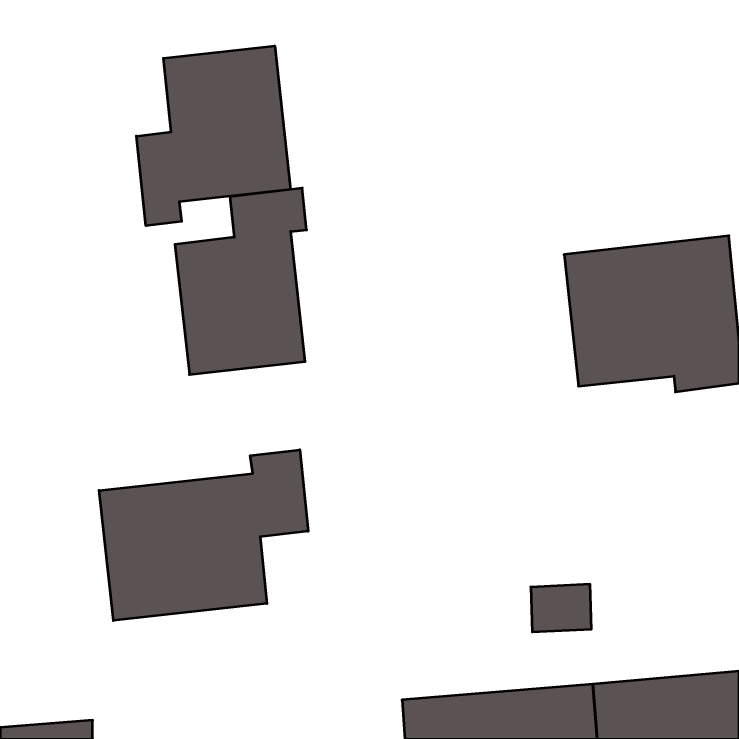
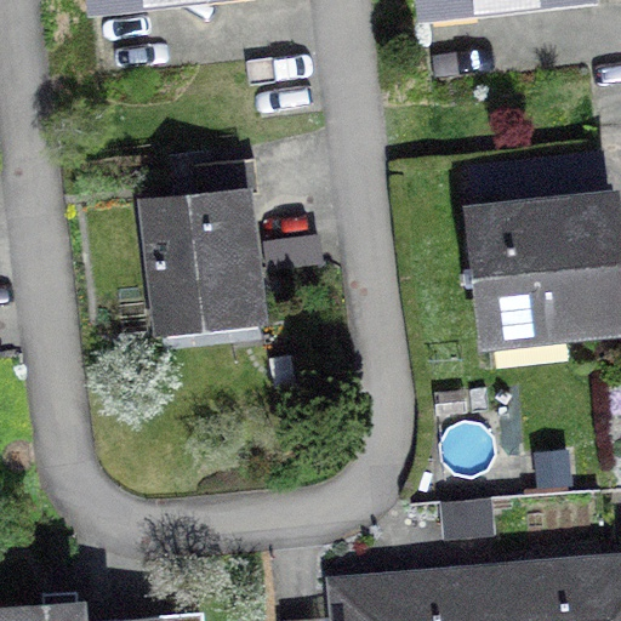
building: [136,46,290,226] -> none
building: [99,450,308,621] -> none

